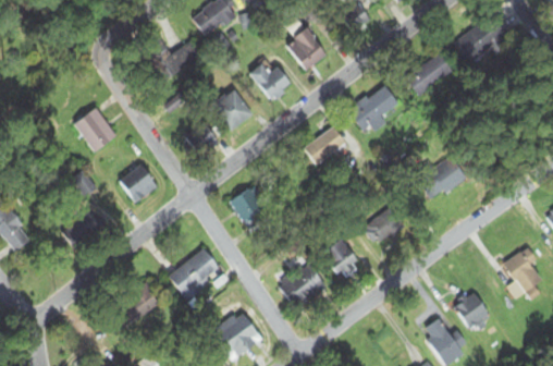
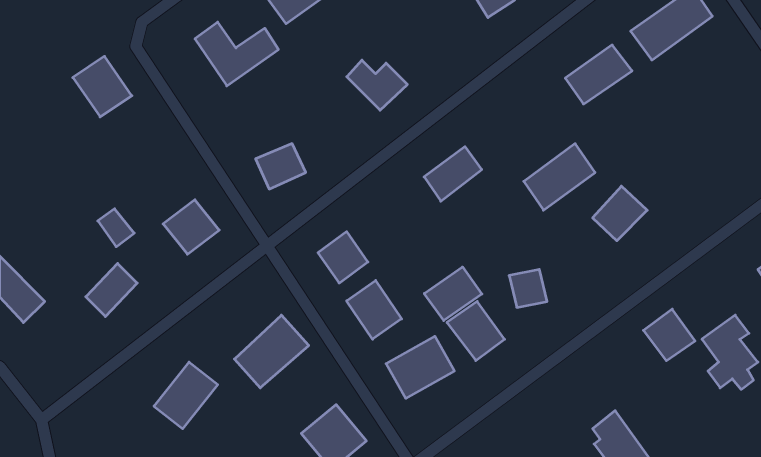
building: [286,28,328,71] -> none
building: [348,83,400,131] -> [524,144,595,210]
building: [210,88,254,132] -> none
building: [73,109,115,152] -> [73,56,132,117]
building: none -> [424,267,482,321]
building: none -> [347,280,402,339]
building: [454,292,491,329] -> [643,309,695,361]

